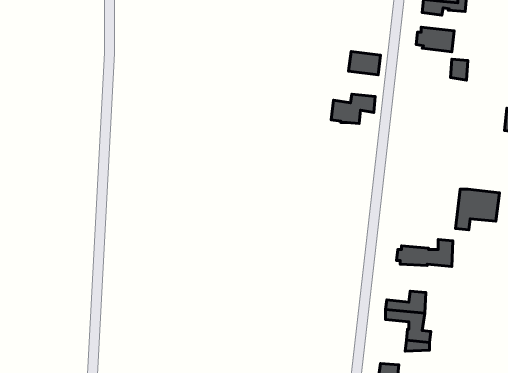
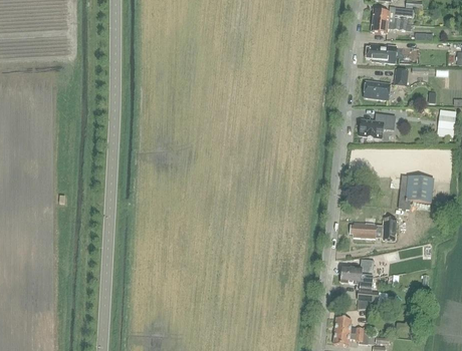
building: [349,51,380,75] -> [364,80,390,99]
building: [331,94,375,124] -> [360,114,396,138]

